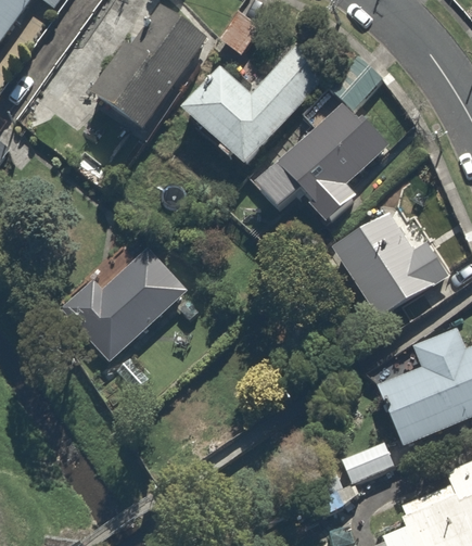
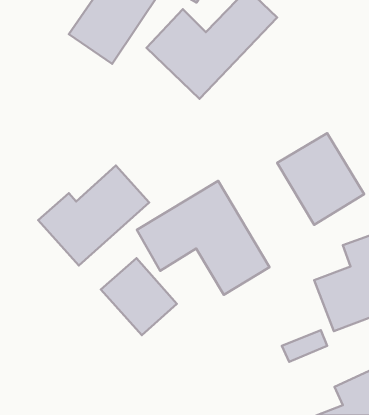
building: [256,100,393,221] -> none
building: none -> [137,181,270,295]
building: none -> [101,258,177,335]

